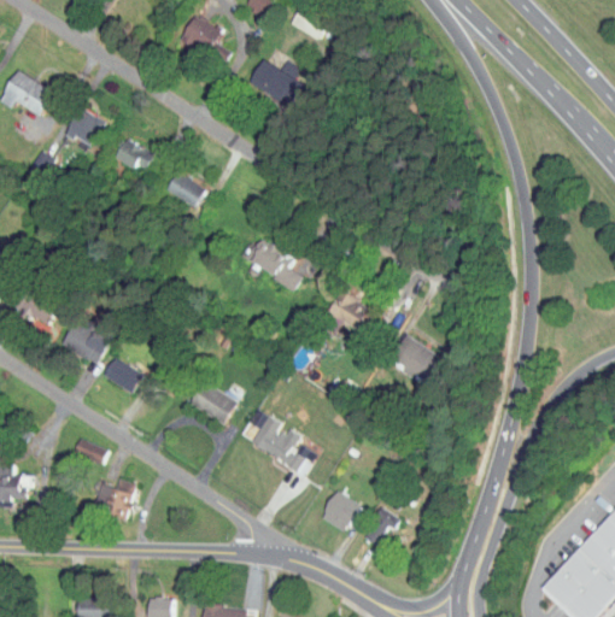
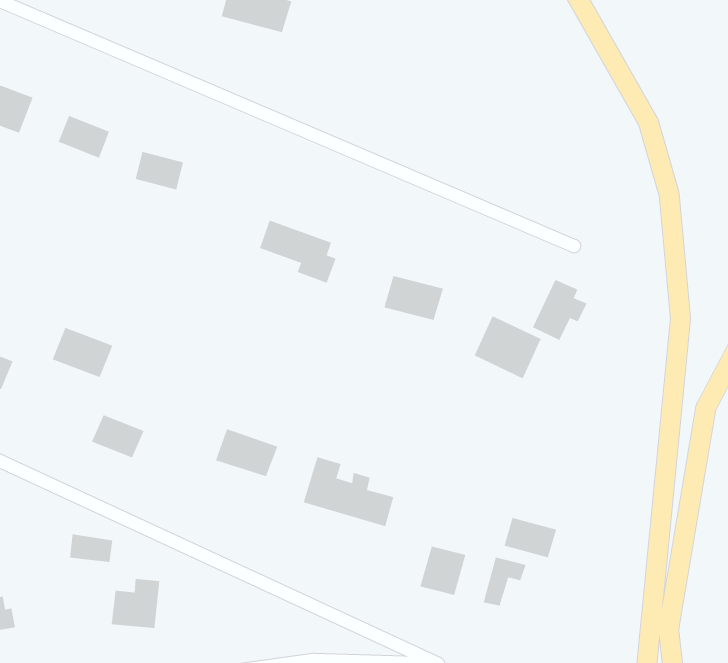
building: none -> [532,279,587,341]
building: [60,322,106,363] -> [52,327,113,378]
building: none -> [504,517,557,558]

